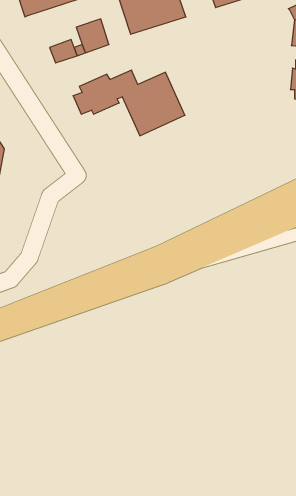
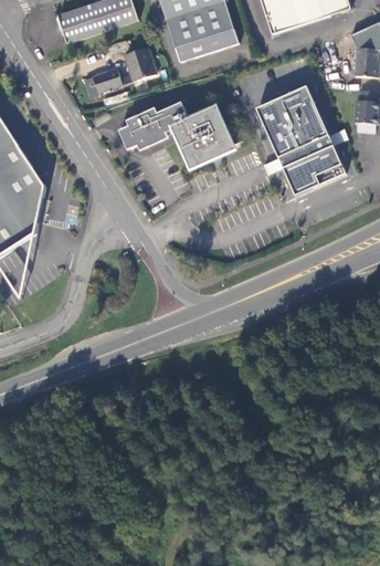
building: none -> [256,86,345,196]

